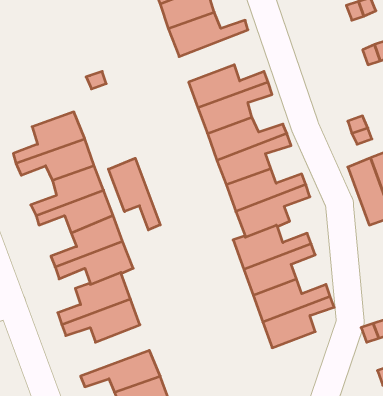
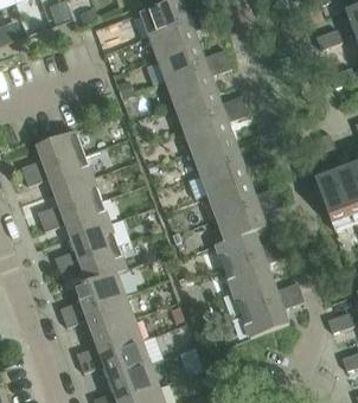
building: none -> [167,58,232,104]
building: [108,158,160,230] -> none
building: none -> [77,318,141,363]

